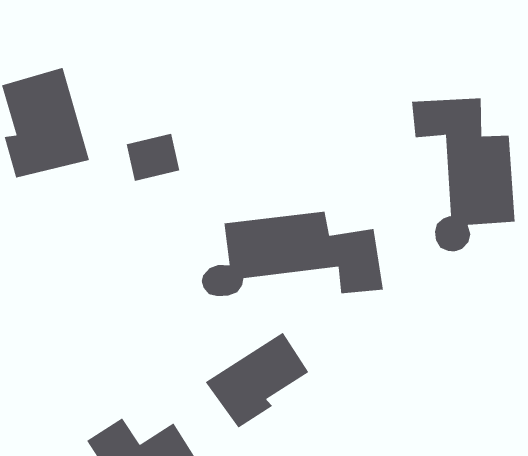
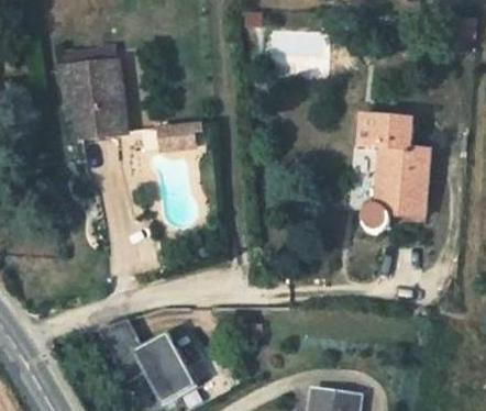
building: [201,211,384,297] -> none
building: [205,332,309,429] -> none

